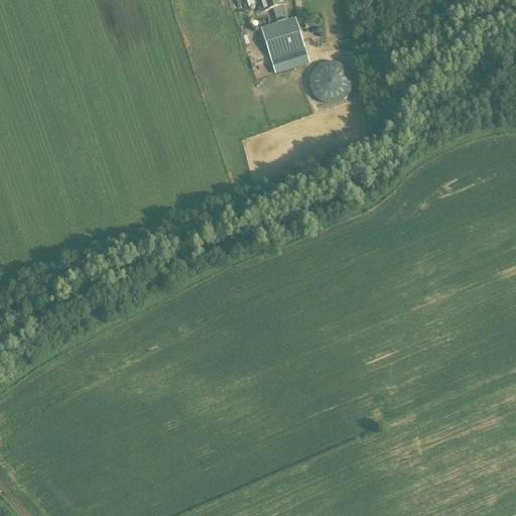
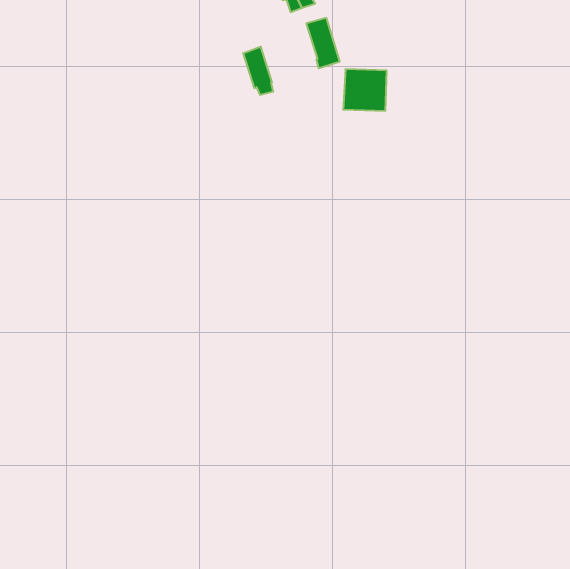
building: [260,21,287,64] -> [243,47,273,95]

